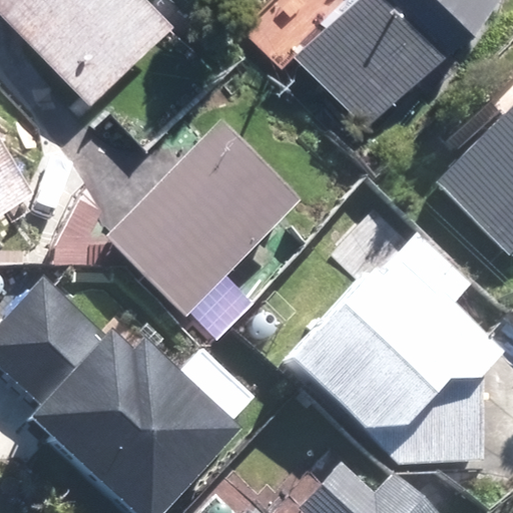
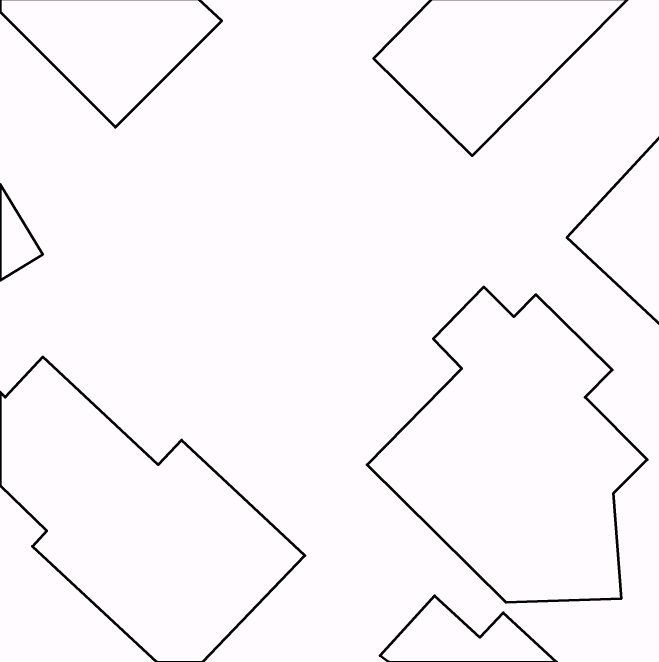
building: [109,124,293,342] -> none

